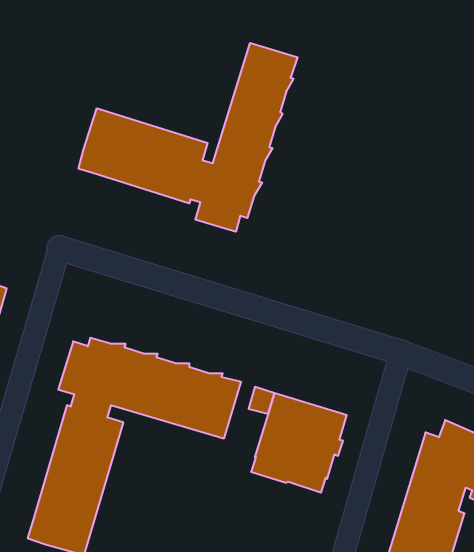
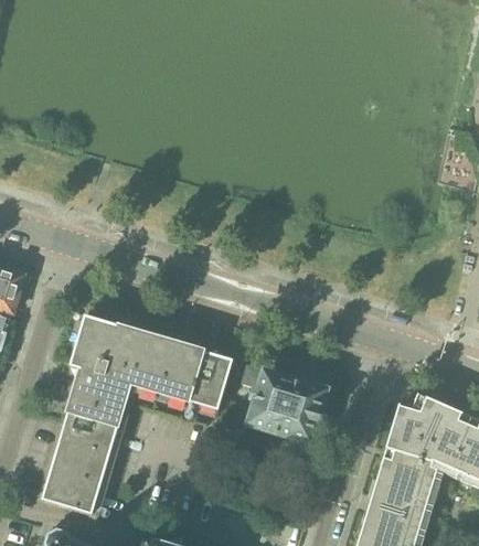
building: [79,43,298,232] -> none

